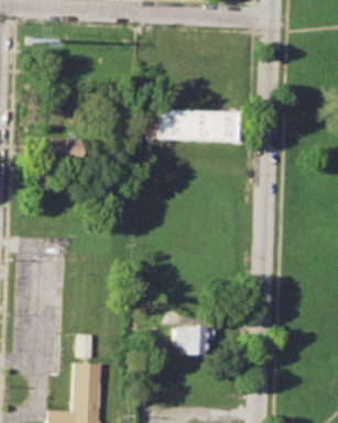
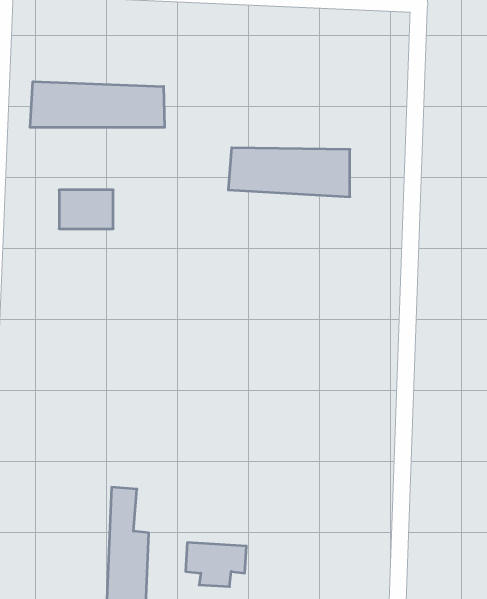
building: none -> [30,82,165,127]
building: [175,325,215,354] -> [186,543,246,587]

